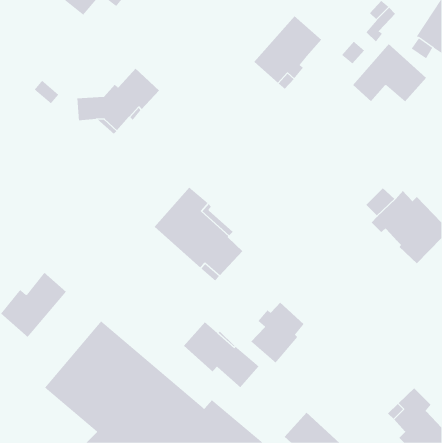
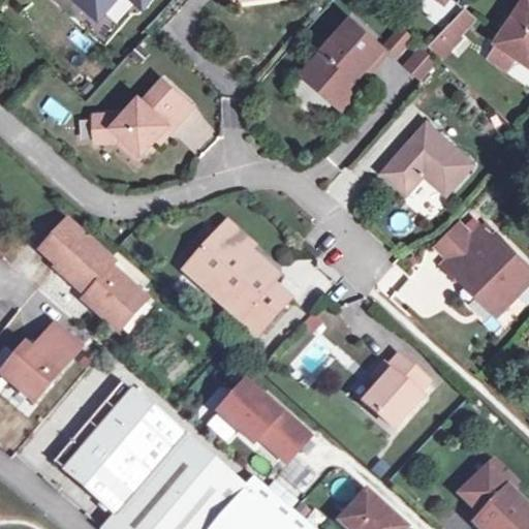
building: [352,43,427,102] -> [382,123,471,193]
building: none -> [41,221,146,330]
building: [251,302,304,363] -> [363,354,427,428]

